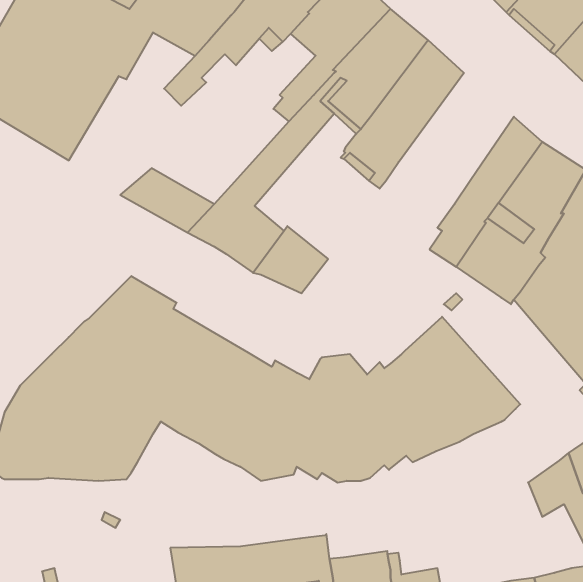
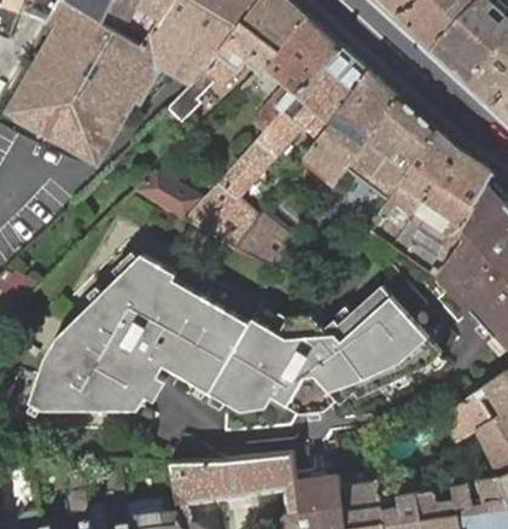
building: none -> [346,97,436,198]

